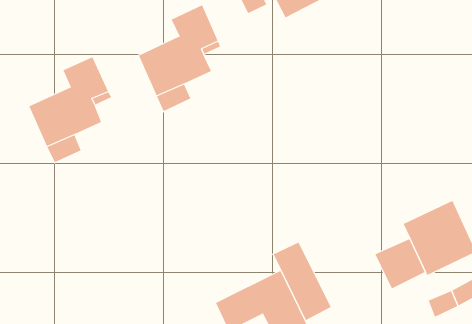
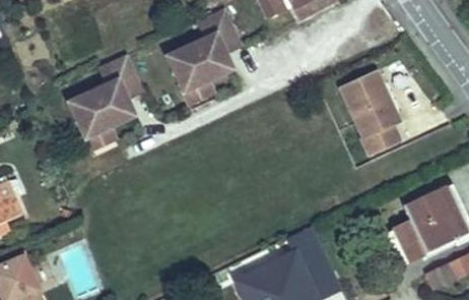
building: none -> [340,68,400,154]

